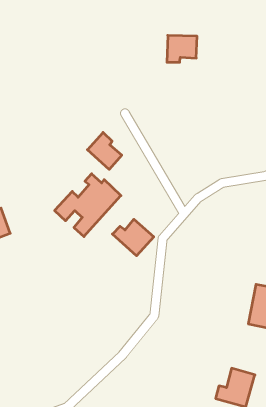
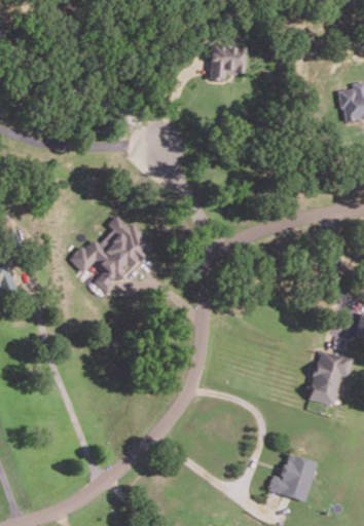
building: [87,132,122,169] -> none
building: [112,219,154,256] -> none

